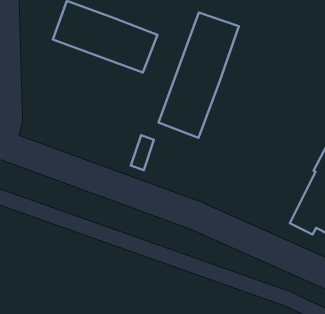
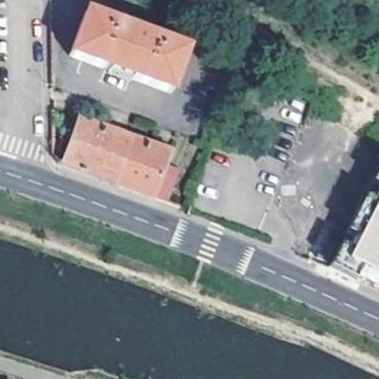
building: [158,12,239,138] -> none
building: none -> [65,114,173,191]

